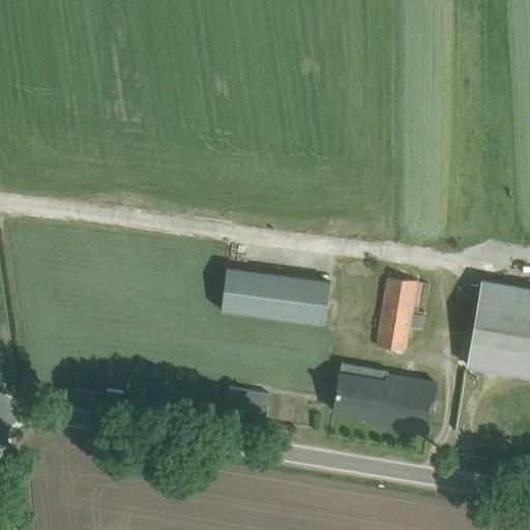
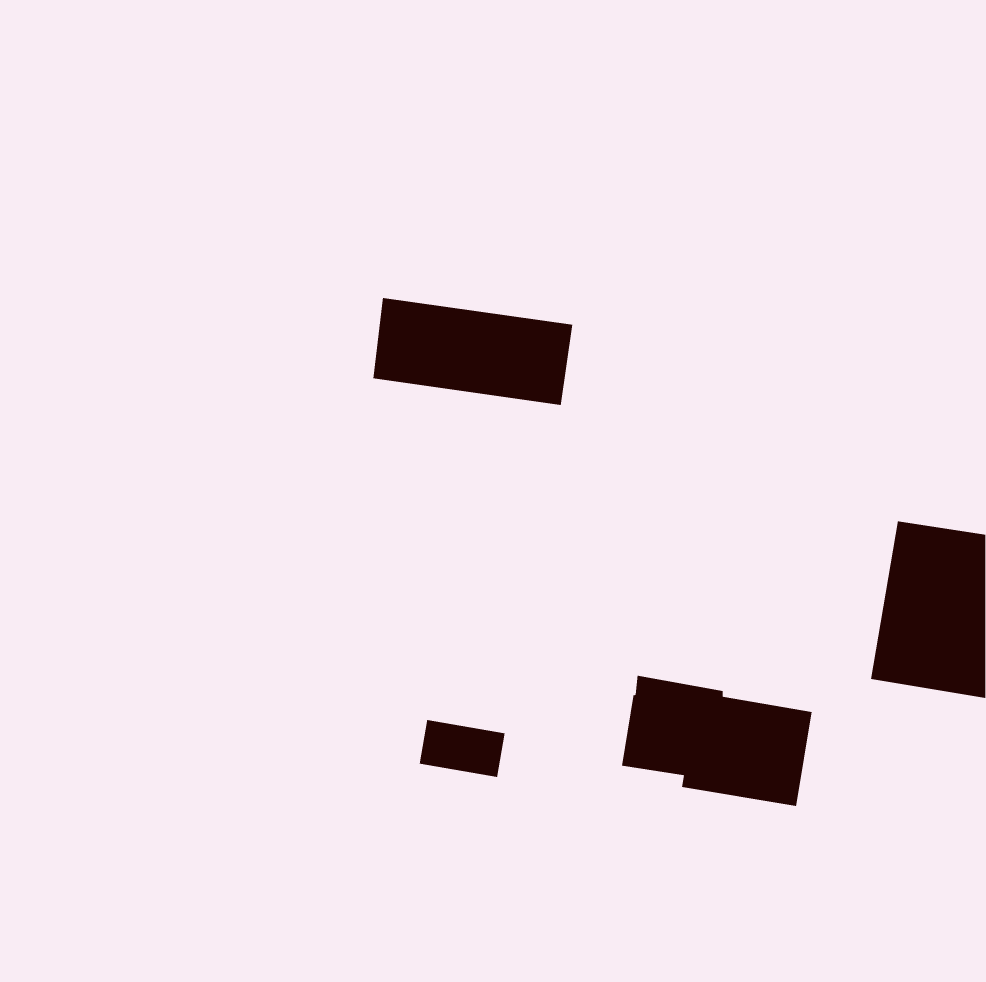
building: [222,268,329,326] -> [373,298,573,406]
building: [375,277,417,353] -> none

